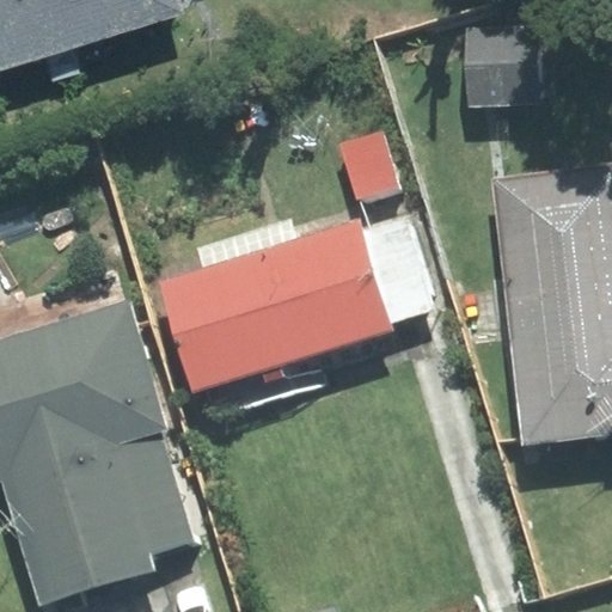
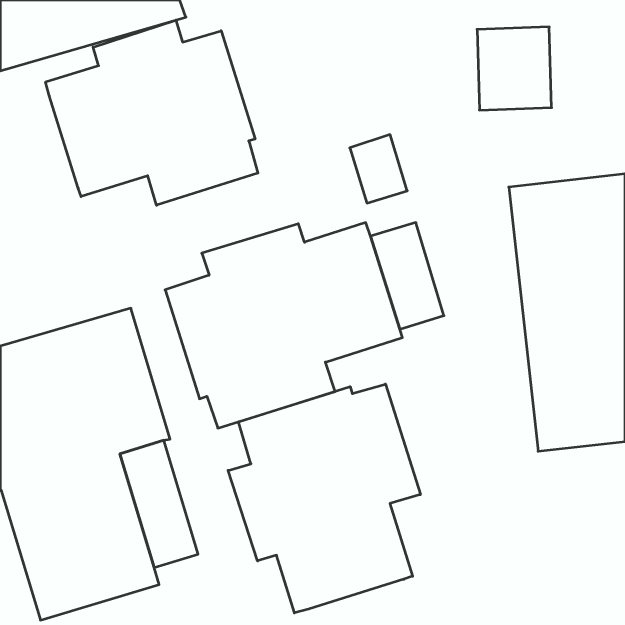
building: none -> [46,20,258,205]
building: none -> [228,384,420,613]

